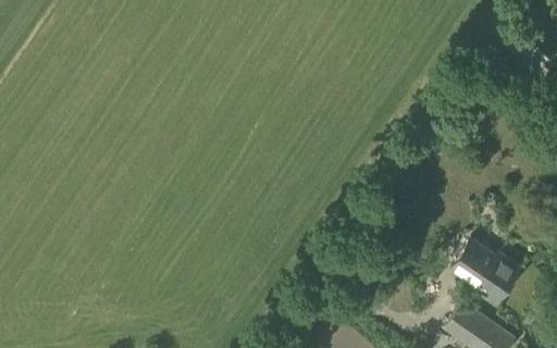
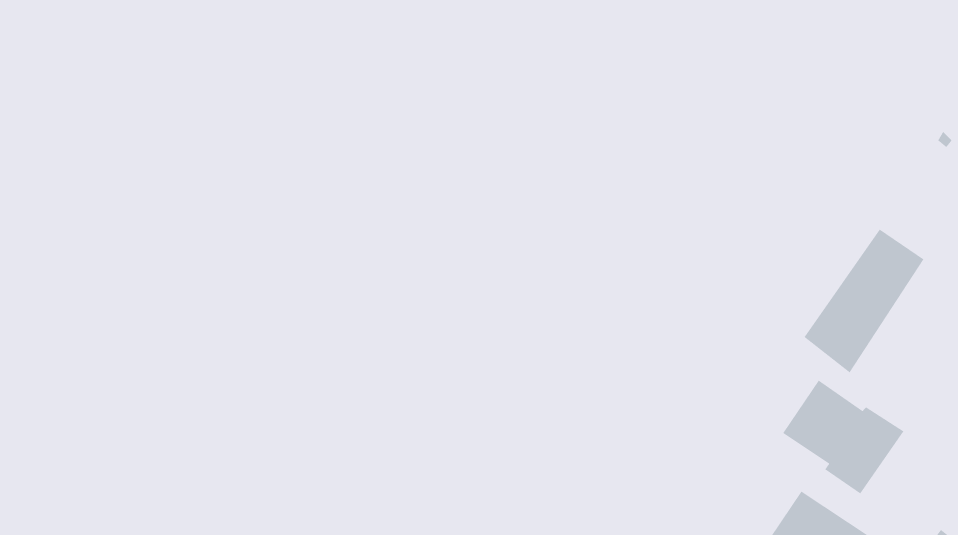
building: none -> [803,228,925,374]

